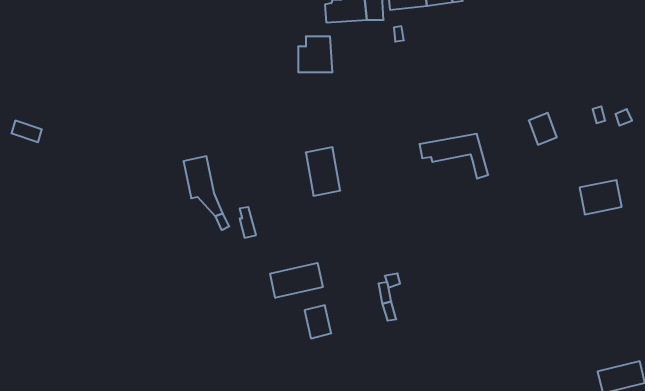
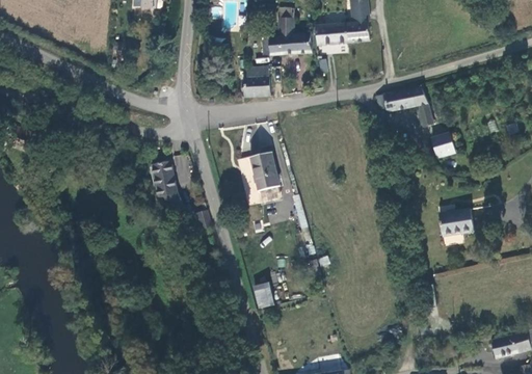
building: [419,134,488,179] -> [375,87,431,124]
building: [580,180,622,214] -> [436,211,471,239]
building: [270,263,323,298] -> none

